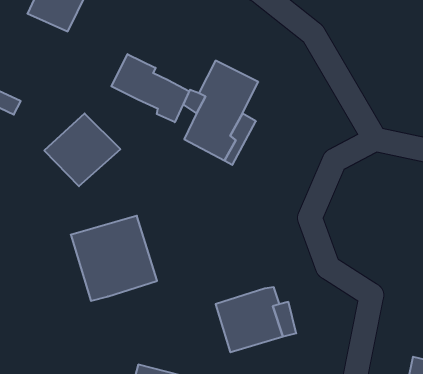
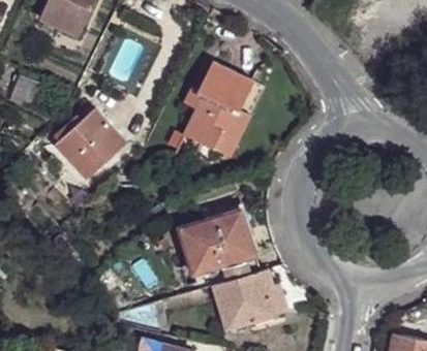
building: [111,54,189,122] -> none
building: [71,216,157,301] -> [180,211,260,289]

